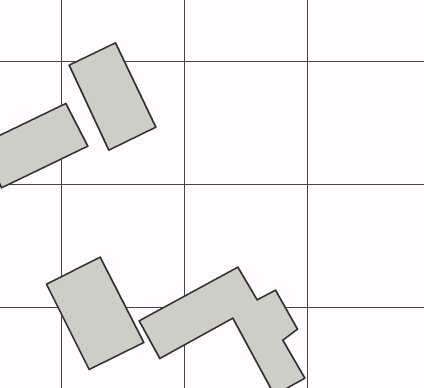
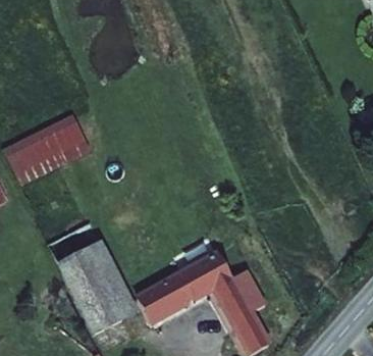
building: [69,43,156,150] -> none

